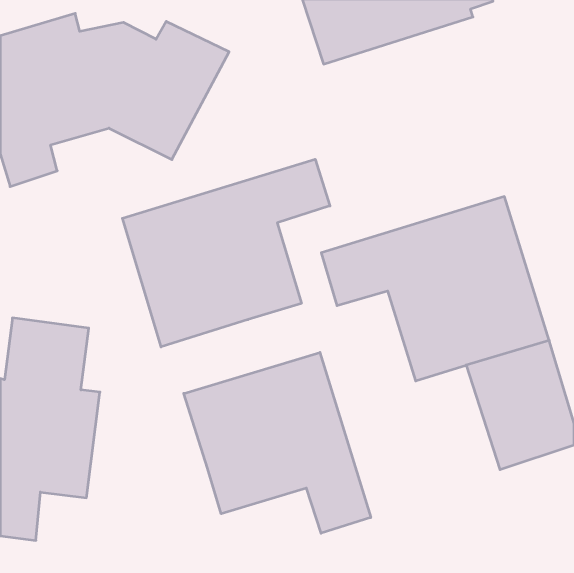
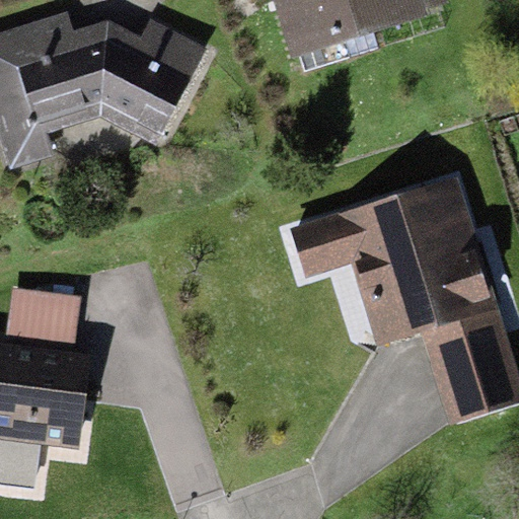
building: [122,159,330,347] -> none
building: [184,352,371,533] -> none

